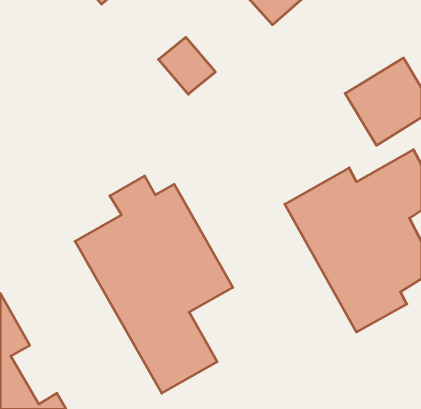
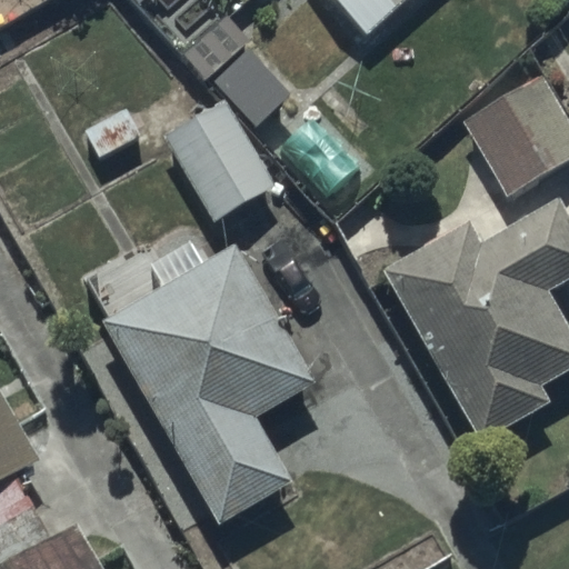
building: none -> [163,98,276,222]

